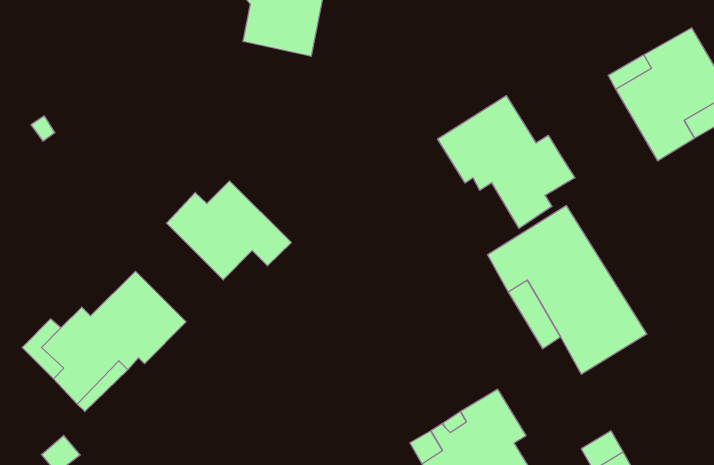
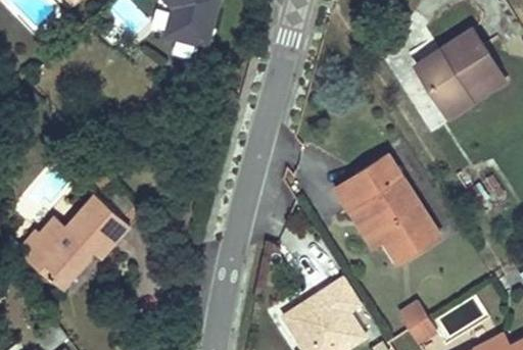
building: [438,96,575,228] -> none
building: [166,181,291,280] -> none

